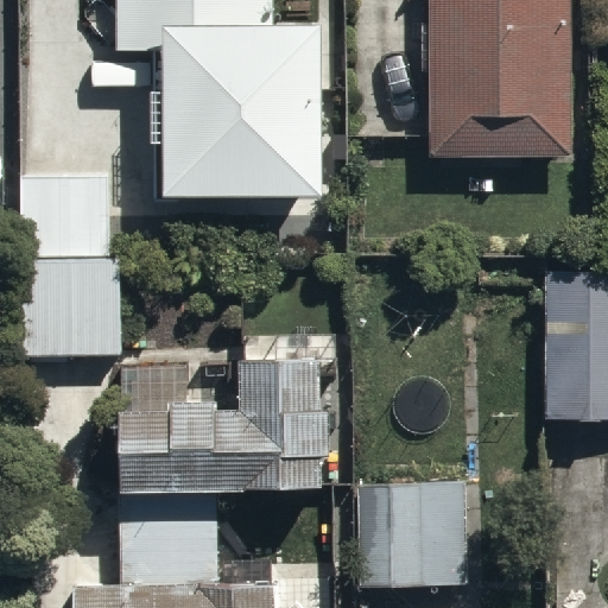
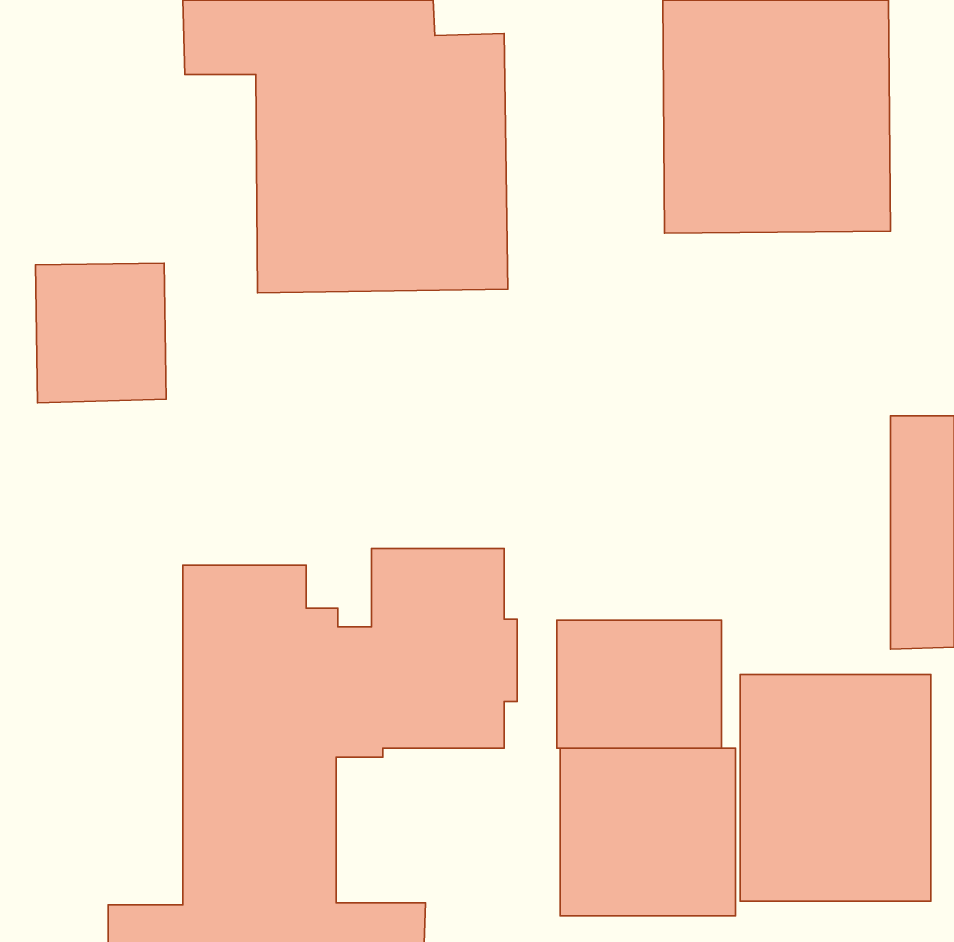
building: [24,261,126,359] -> none
building: none -> [557,620,721,748]
building: none -> [740,674,931,901]

